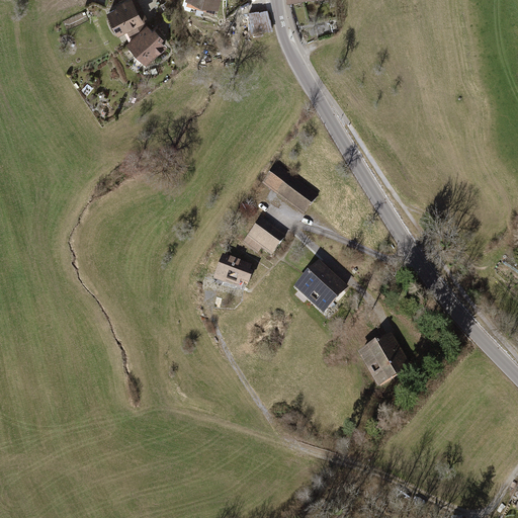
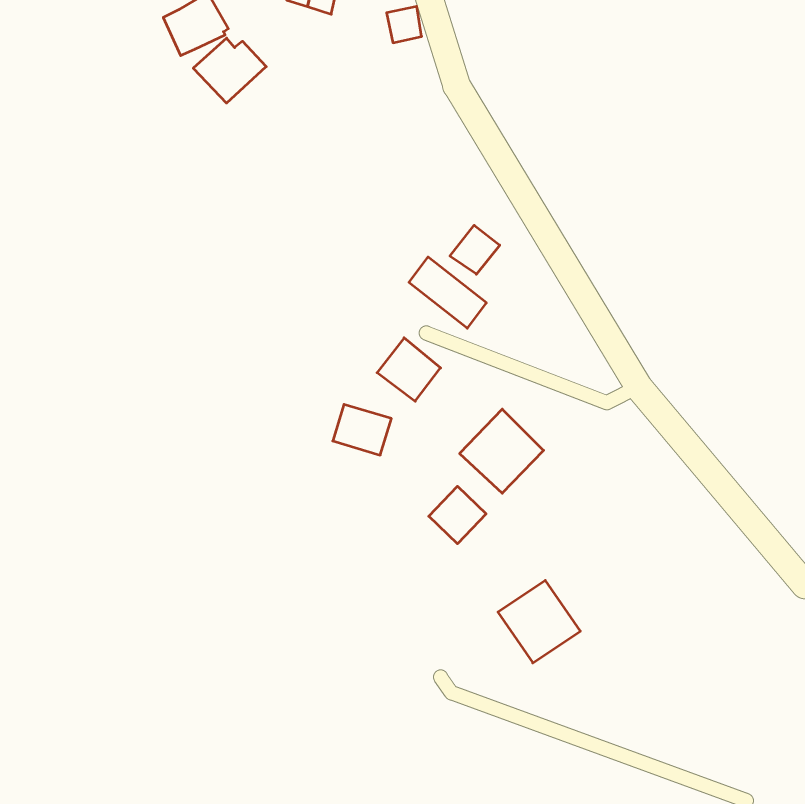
building: none -> [450,225,500,274]
building: none -> [429,486,486,544]
building: [359,336,412,388] -> [498,580,580,663]

